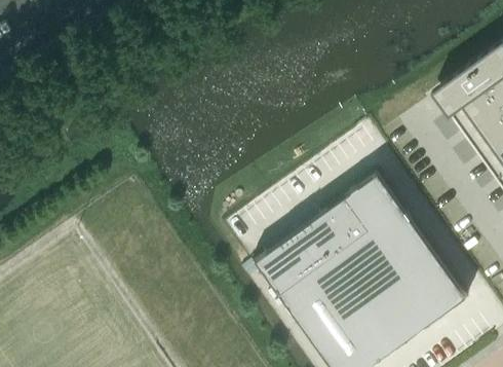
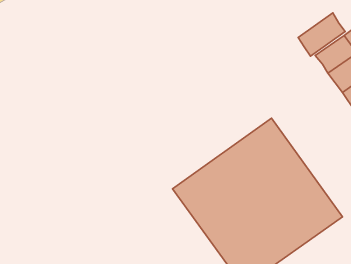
building: none -> [298,13,345,56]

